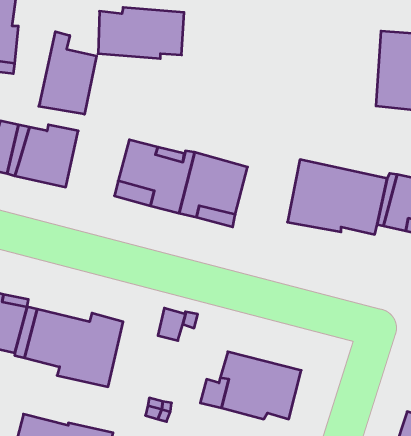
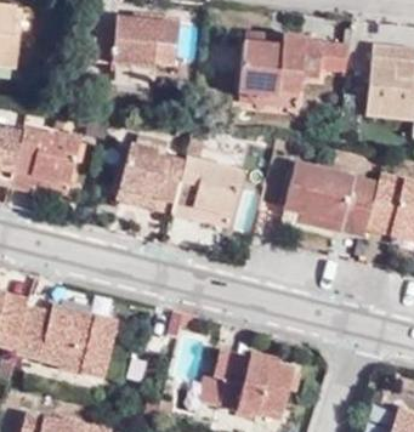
building: none -> [244,27,329,97]
building: [39,32,97,114] -> none

